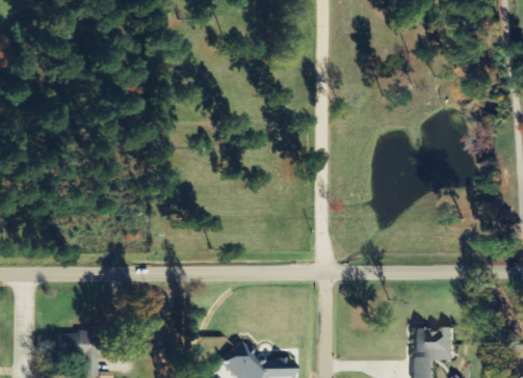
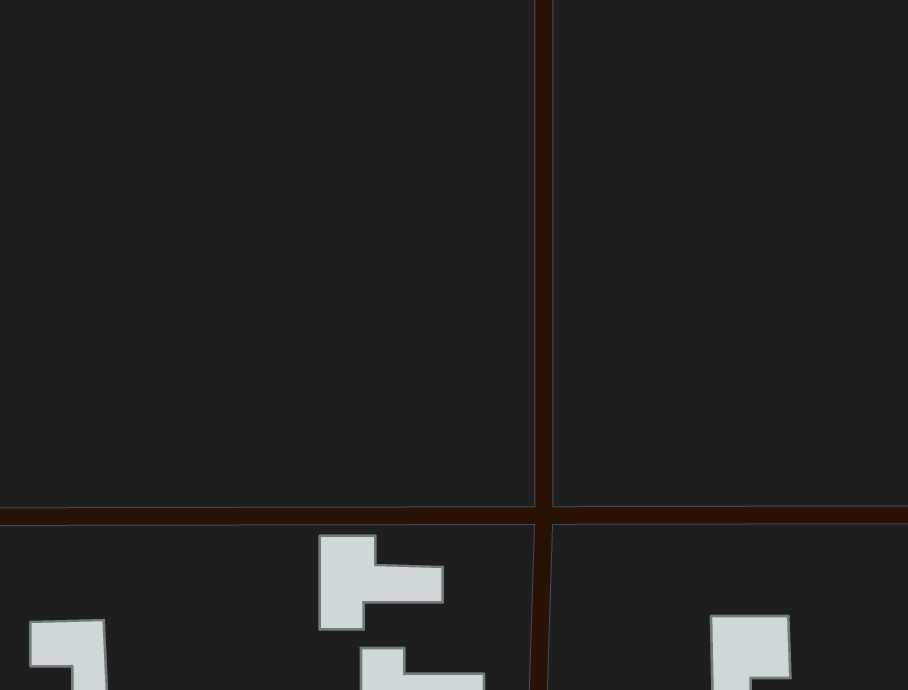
building: none -> [320,536,443,630]

